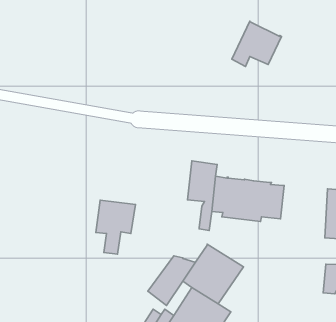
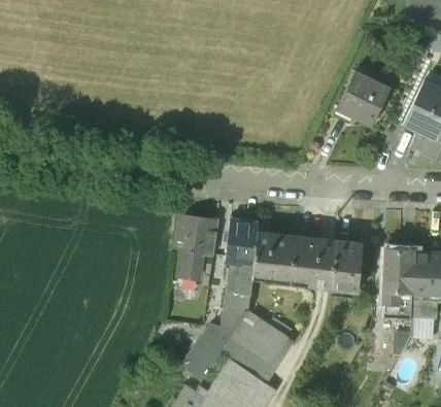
building: [232,21,282,66] -> [334,71,391,123]
building: none -> [331,241,363,291]
building: [96,200,135,254] -> [173,215,218,277]
building: none -> [221,290,250,331]

